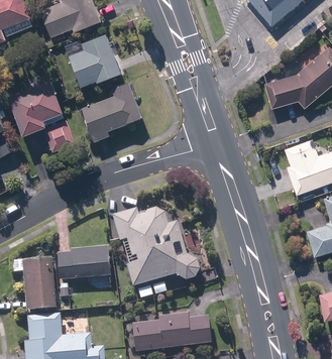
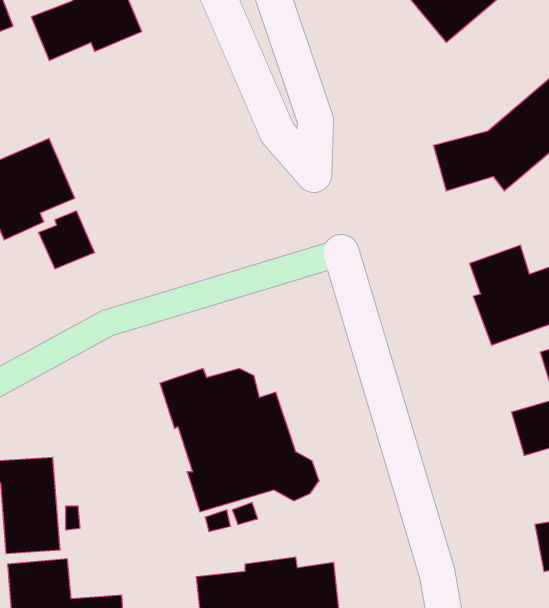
building: [70,34,123,88] -> none
building: [81,83,143,141] -> none
building: [58,247,111,280] -> none

